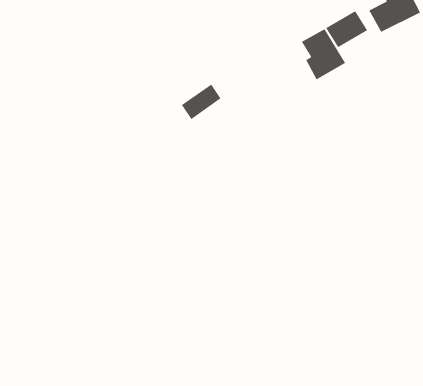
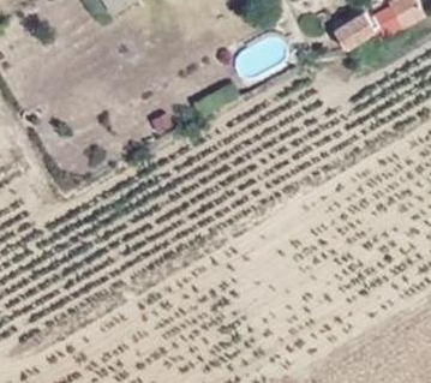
building: [301,28,346,81] -> none

